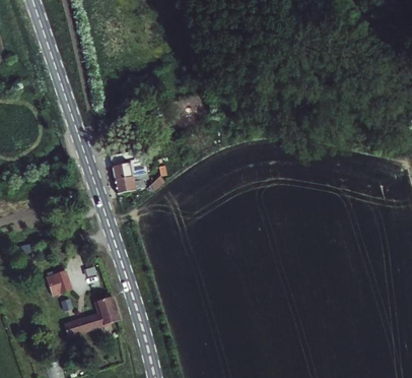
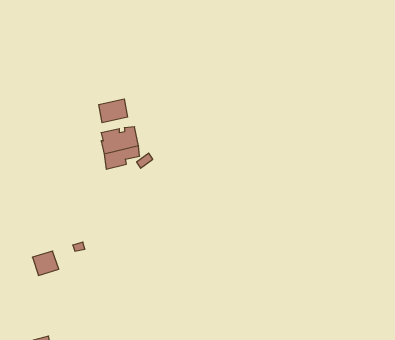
building: none -> [99,99,128,123]
building: [63,298,116,335] -> none

